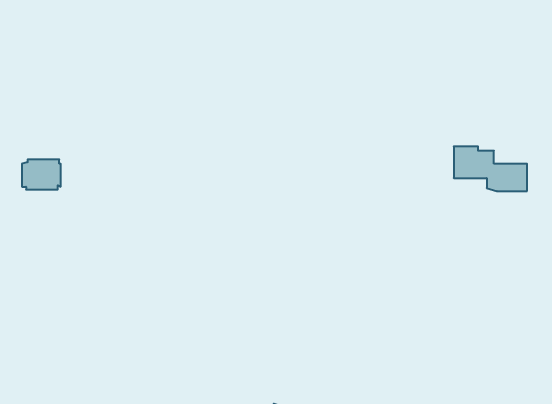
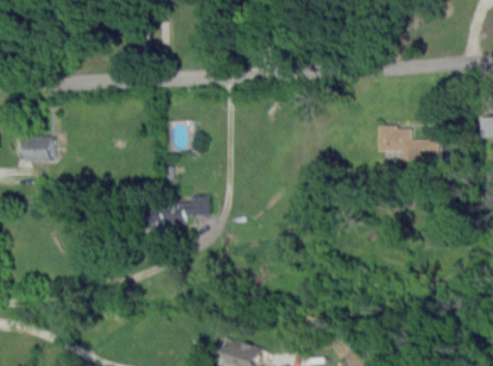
building: none -> [143,195,208,229]

